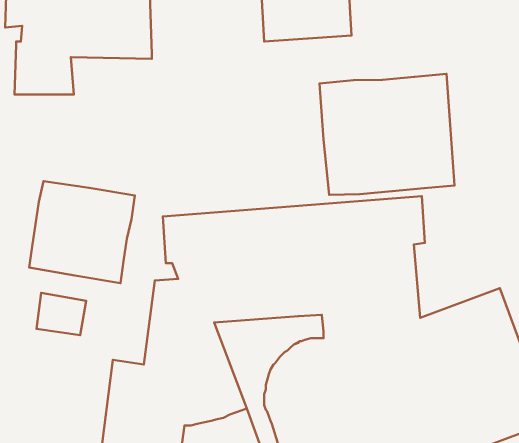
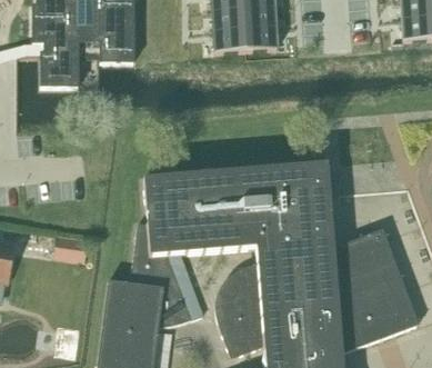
building: [320,74,455,195] -> none
building: [29,181,135,283] -> none

